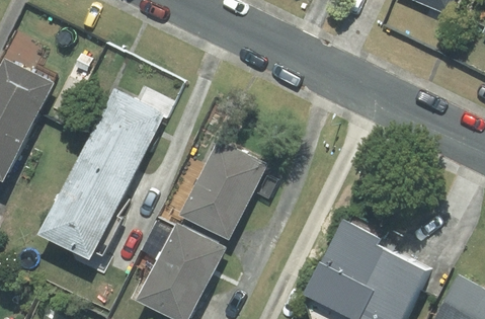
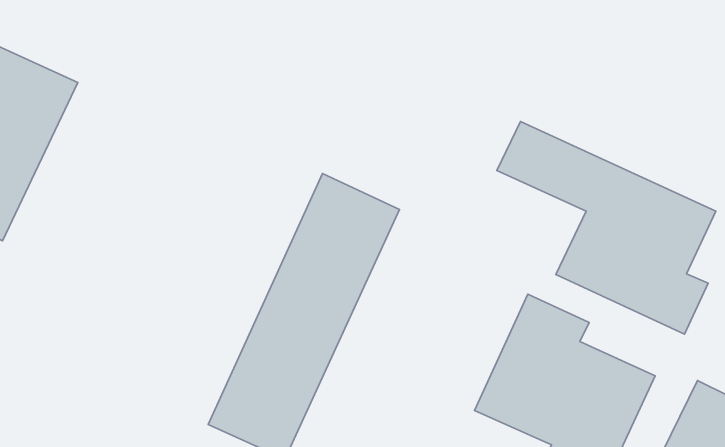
building: [39,87,165,262] -> none
building: none -> [497,121,716,334]

